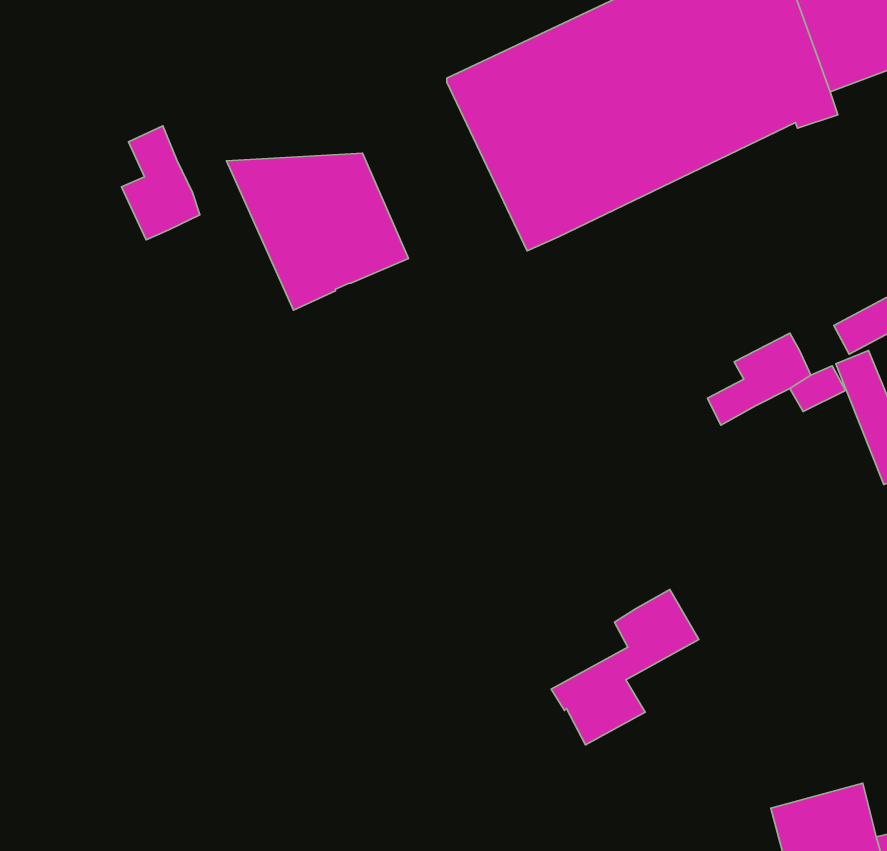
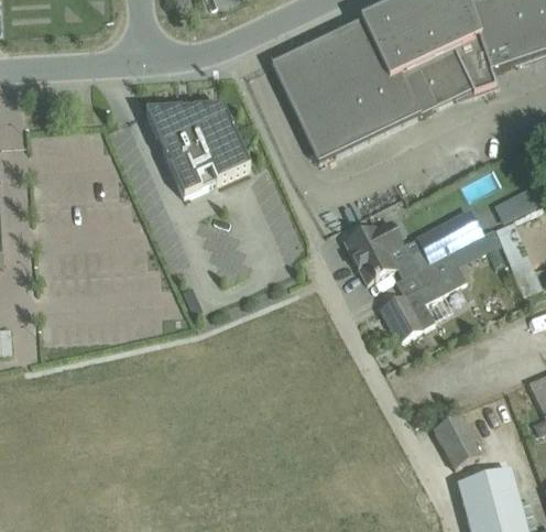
building: [122,126,200,240] -> none
building: none -> [346,218,403,280]
building: [551,590,699,745] -> [381,249,466,338]
building: none -> [434,412,481,466]

